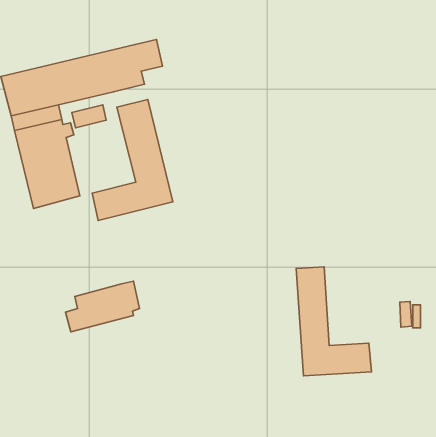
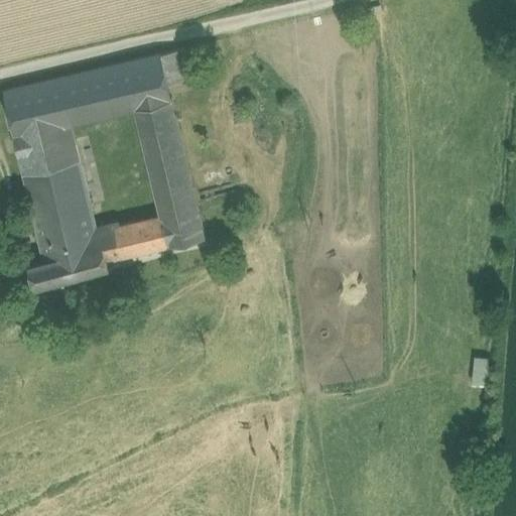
building: [72,105,106,128] -> [133,101,173,128]
building: [296,267,371,376] -> none
building: [66,281,139,332] -> [28,229,115,288]

